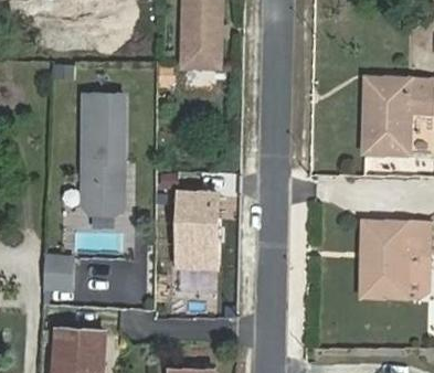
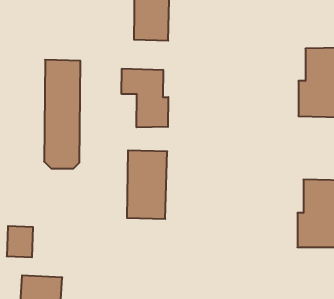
building: none -> [122,69,168,127]

